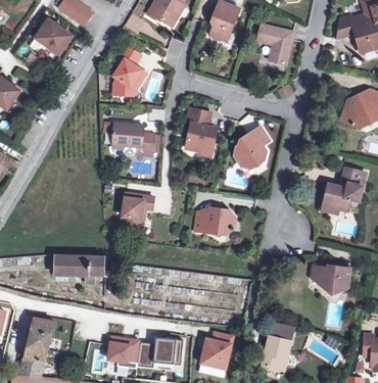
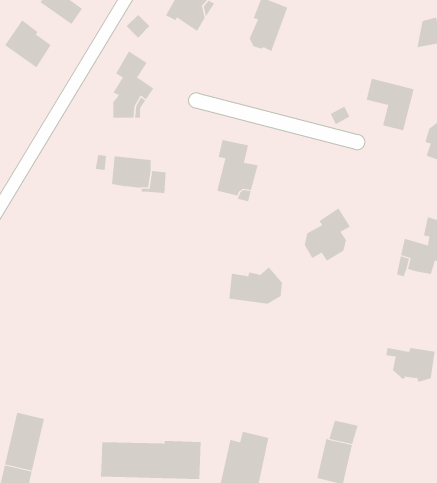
building: [257,26,294,65] -> [366,78,415,131]
building: [235,128,271,169] -> [304,208,351,261]
building: [117,189,151,227] -> none
building: [55,253,107,284] -> none

